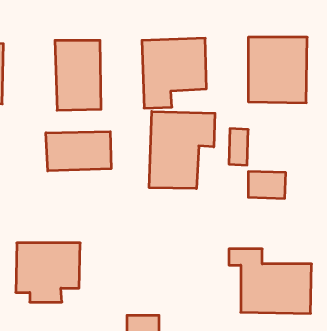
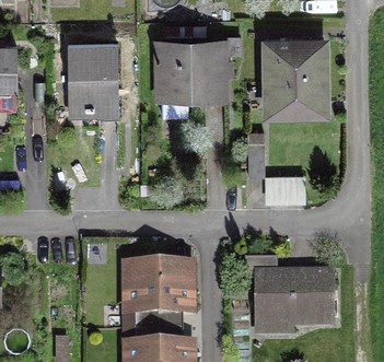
building: [149,111,215,189] -> none
building: [46,132,111,171] -> none
building: [16,243,80,302] -> [128,264,194,324]

